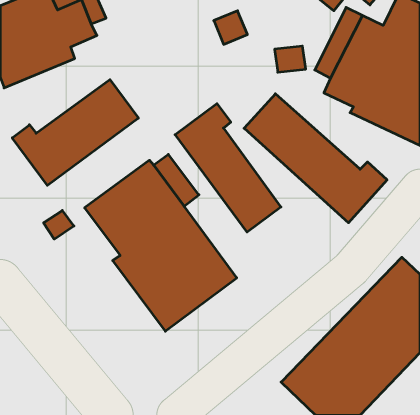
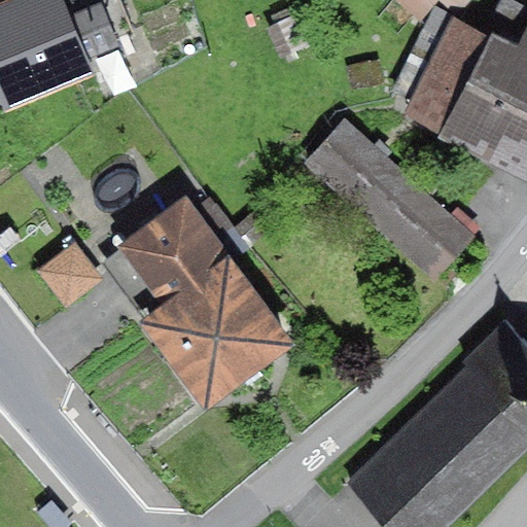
building: [12,80,138,185] -> none
building: [175,104,281,232] -> none

